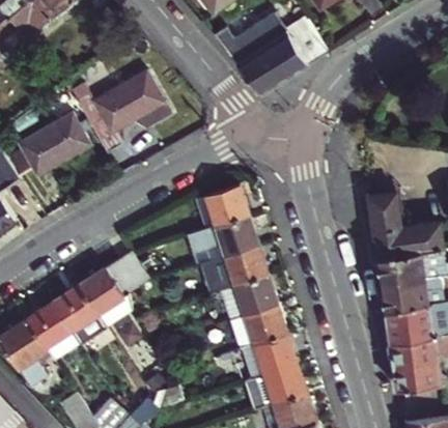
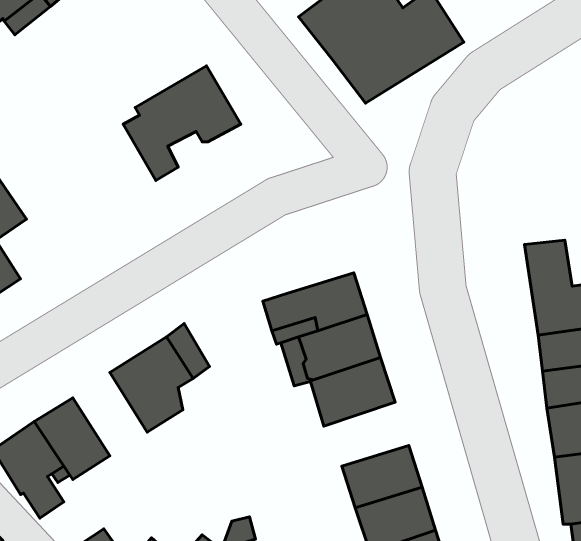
building: [21,113,90,173] -> none
building: [193,186,249,229] -> none
building: [53,284,106,344] -> none
building: [228,305,287,350] -> none

